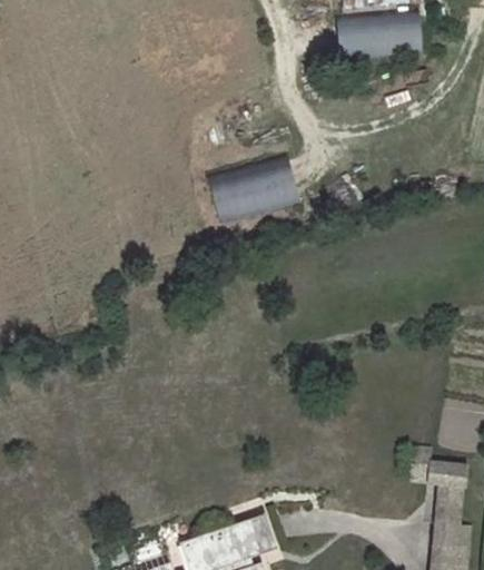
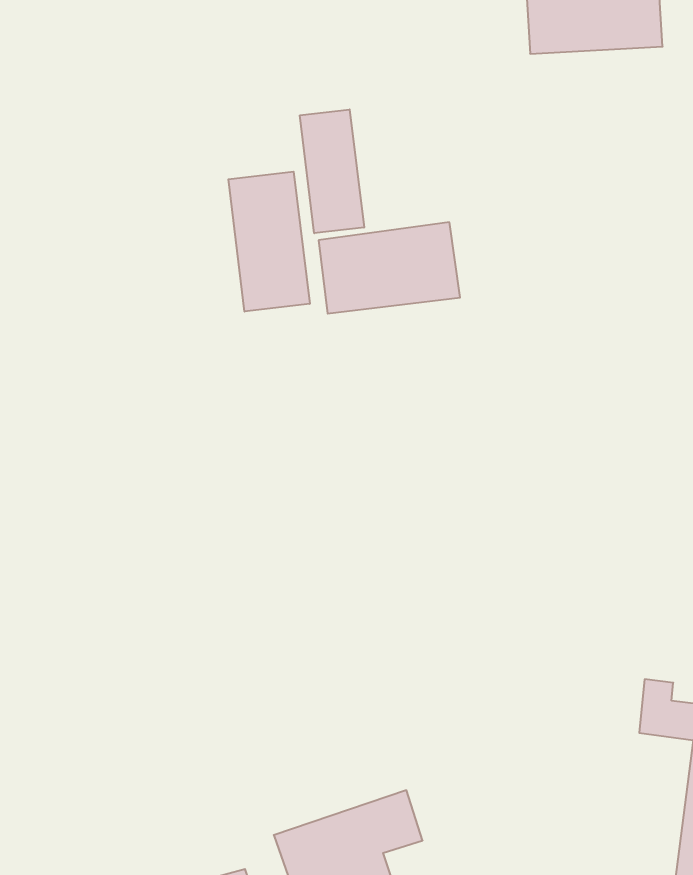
building: none -> [300,109,364,233]
building: none -> [228,172,310,312]

